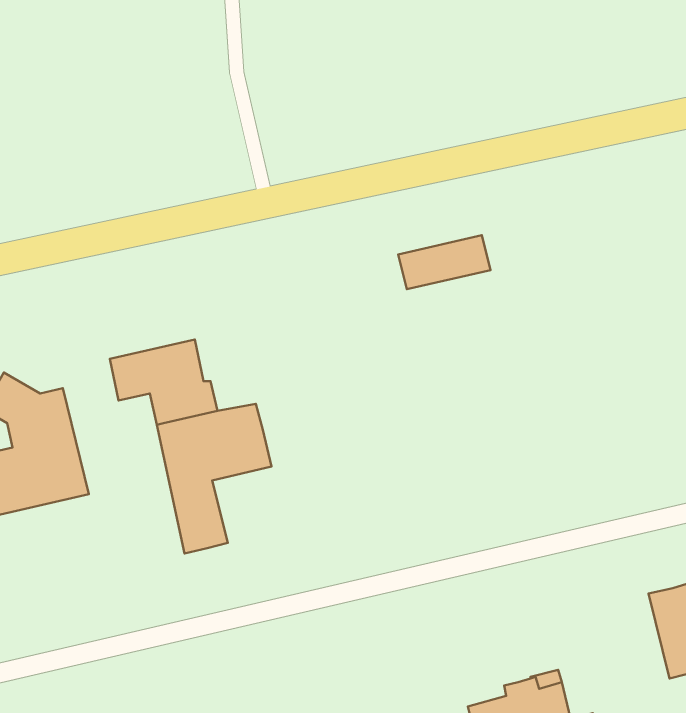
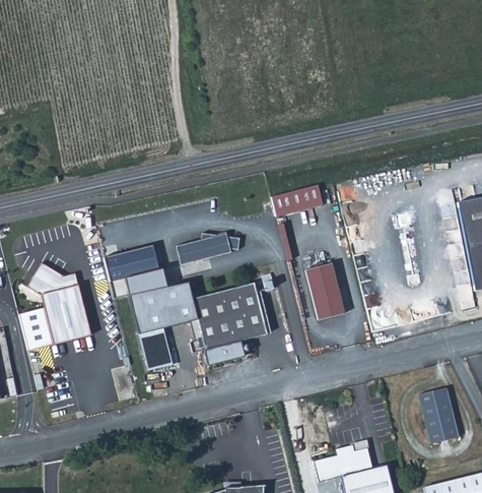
building: none -> [177,233,240,265]
building: none -> [304,262,344,319]
building: none -> [193,283,268,364]

